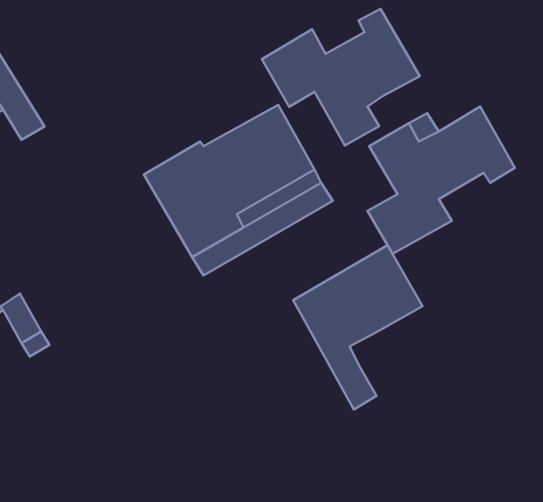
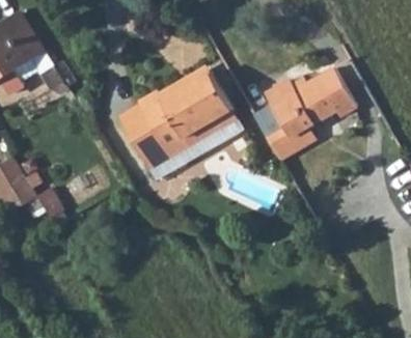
building: [262,9,420,145] -> none
building: [293,245,423,410] -> none

